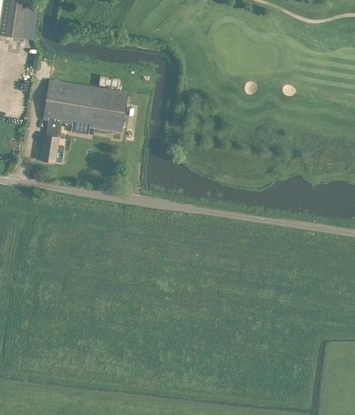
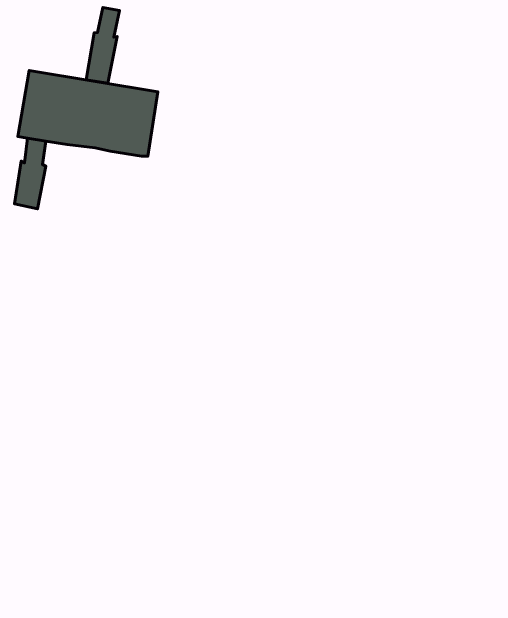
building: none -> [86,7,120,83]

